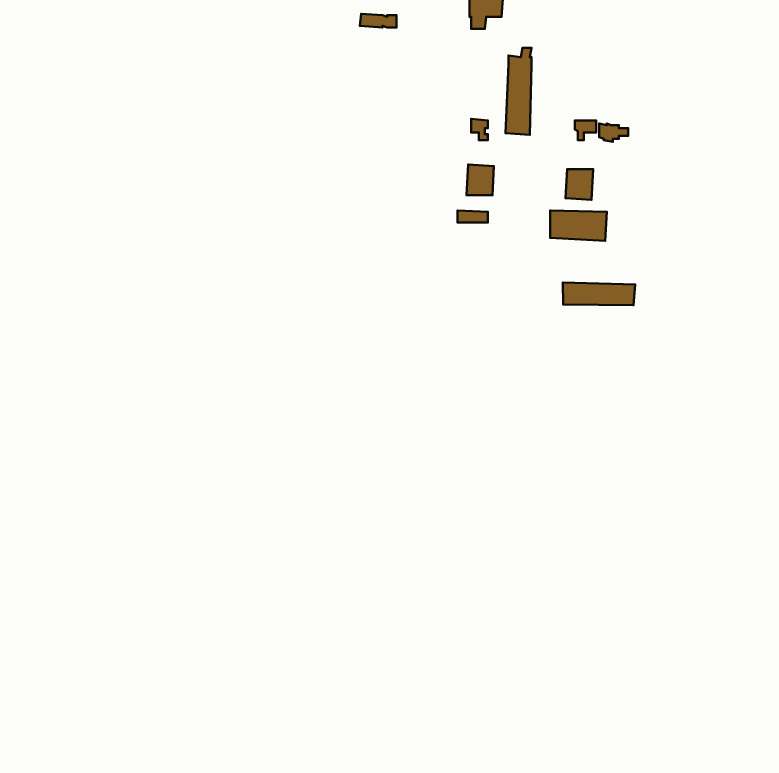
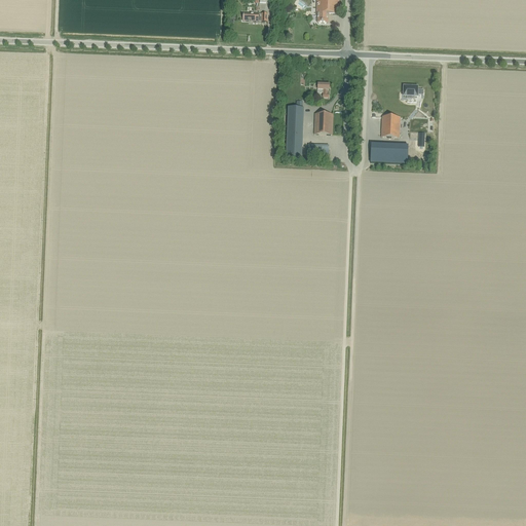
building: [506,48,532,135] -> [286,99,303,157]
building: [563,283,635,305] -> none

